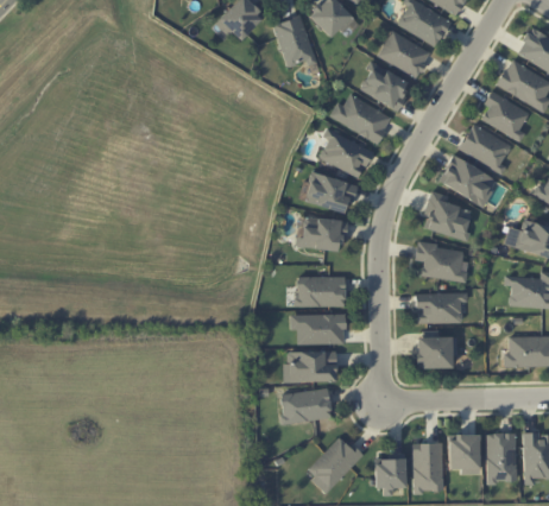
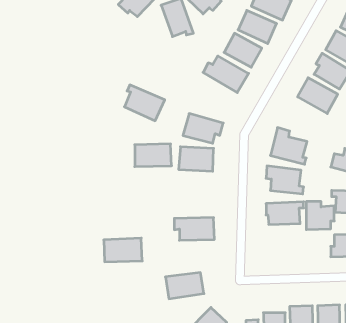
building: [318,129,373,178] -> [124,85,165,121]
building: [438,154,498,207] -> none
building: [296,276,346,306] -> [135,144,172,167]
building: [418,330,456,368] -> [306,202,334,230]
building: [284,350,336,382] -> [104,238,142,262]

